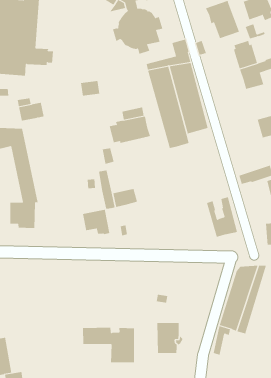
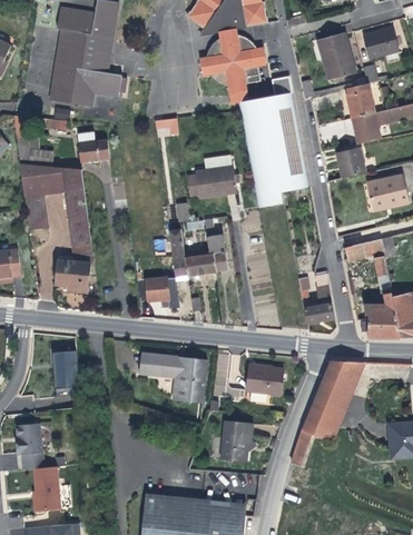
building: none -> [335,147,365,179]
building: none -> [204,219,228,271]
building: none -> [247,367,284,395]
building: none -> [53,351,80,389]
building: [82,327,135,363] -> [141,355,207,403]

